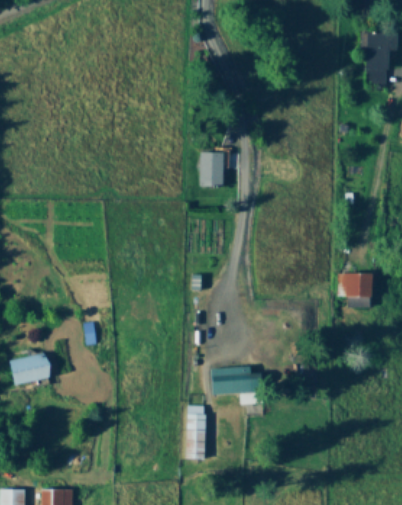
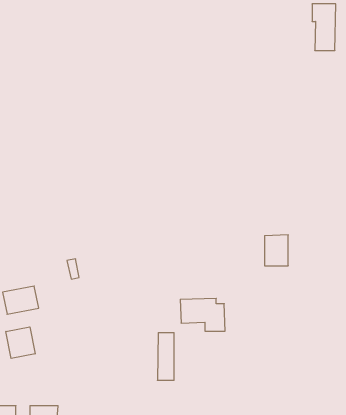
building: [200,152,223,187] -> none
building: [346,272,373,307] -> [265,235,288,266]
building: none -> [6,327,35,358]

